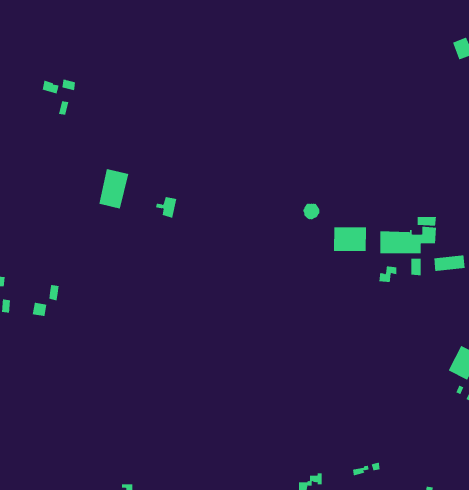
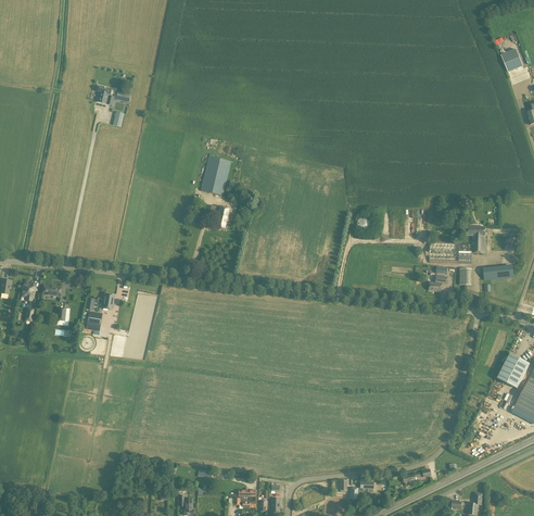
building: [99,168,129,209] -> [201,155,231,196]
building: [333,227,367,252] -> none

